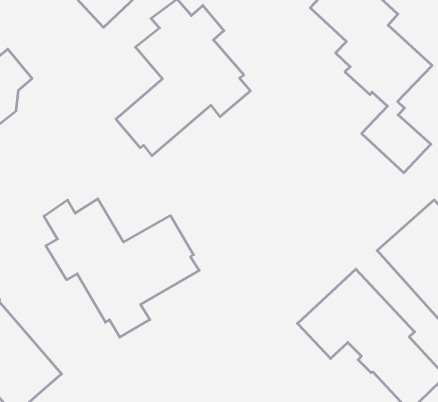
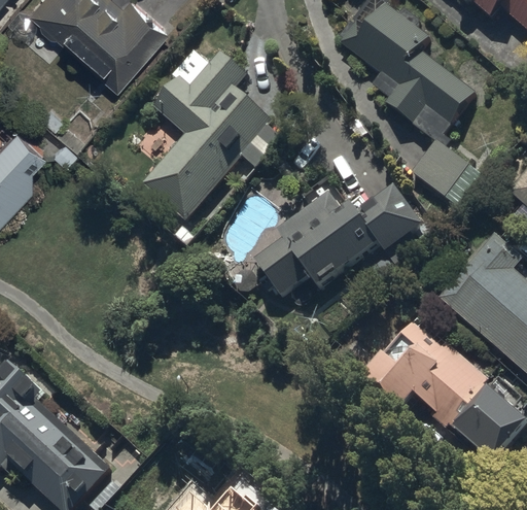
building: none -> [254,186,425,294]
building: [44,199,199,337] -> none

